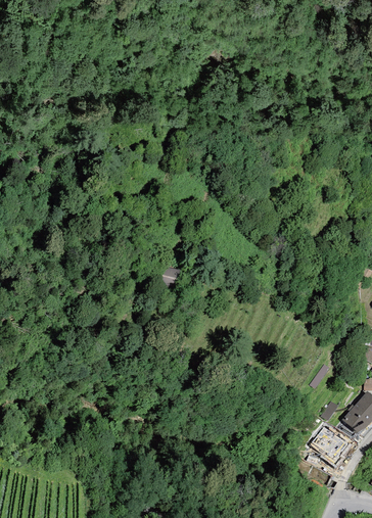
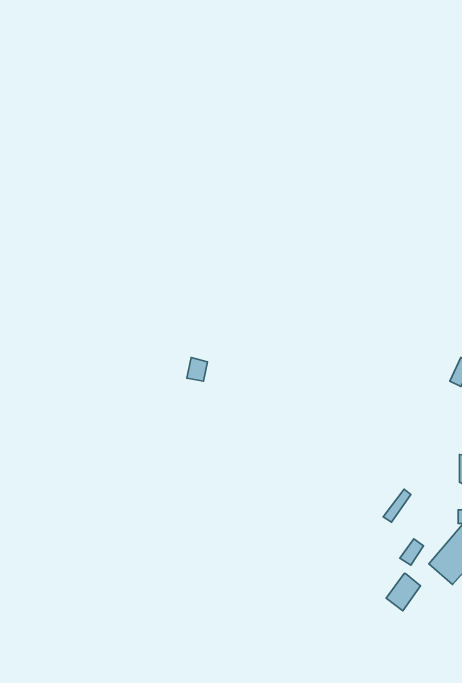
building: [321,435,352,468] -> none

